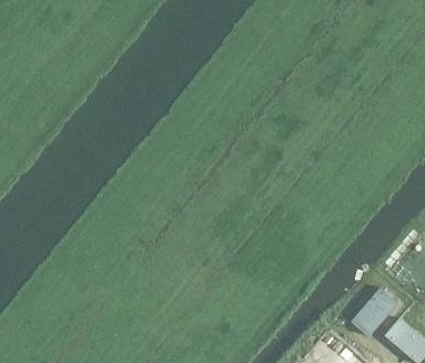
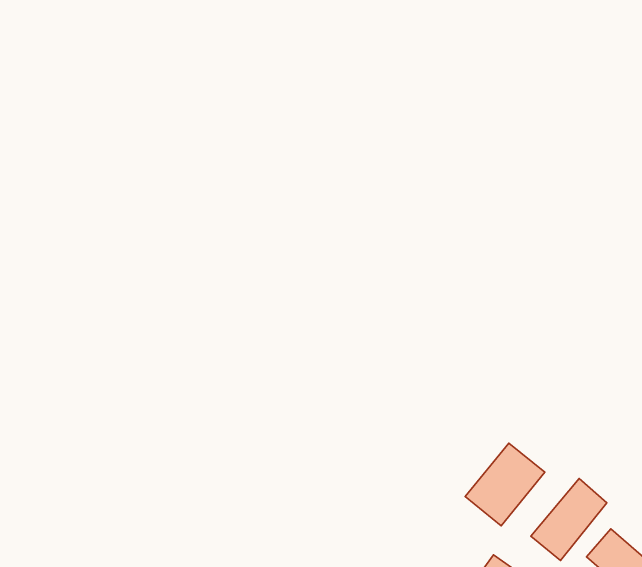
building: none -> [465,443,545,526]

